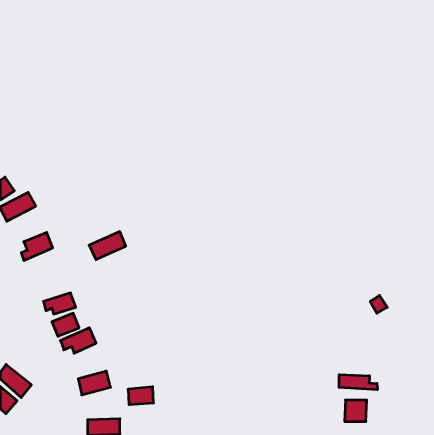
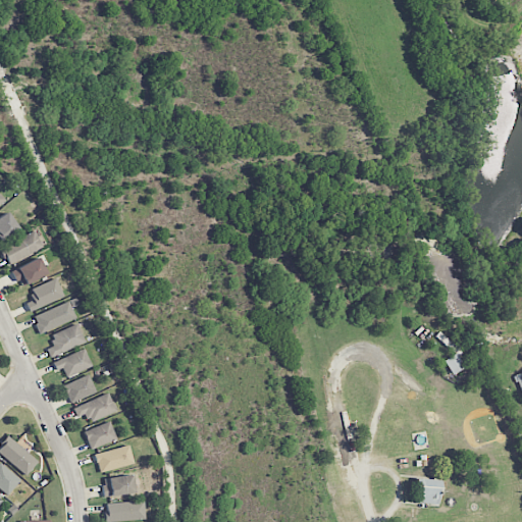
building: none -> [12,258,47,288]
building: [89,232,126,260] -> [33,301,76,334]
building: none -> [47,324,86,358]
building: none -> [84,422,117,450]
building: [339,375,377,390] -> none
building: [128,387,154,405] -> [103,475,134,497]

